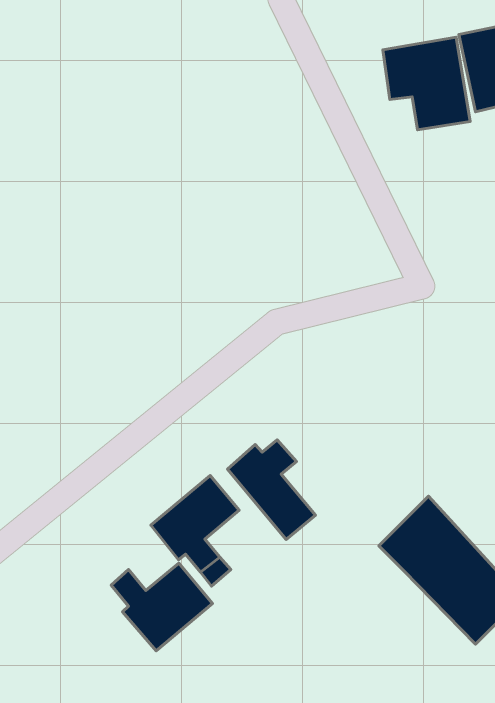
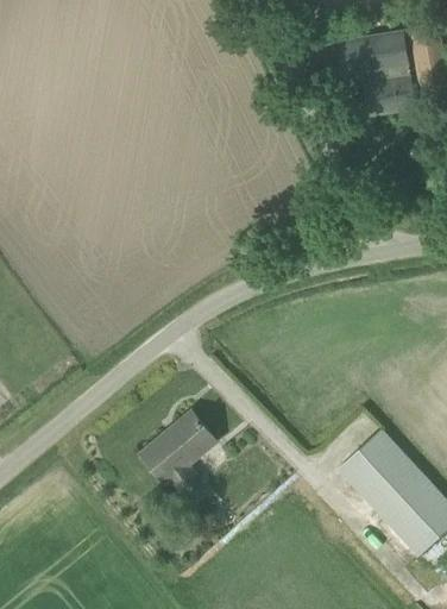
building: [227,440,315,540] -> none
building: [111,563,212,651] -> none

